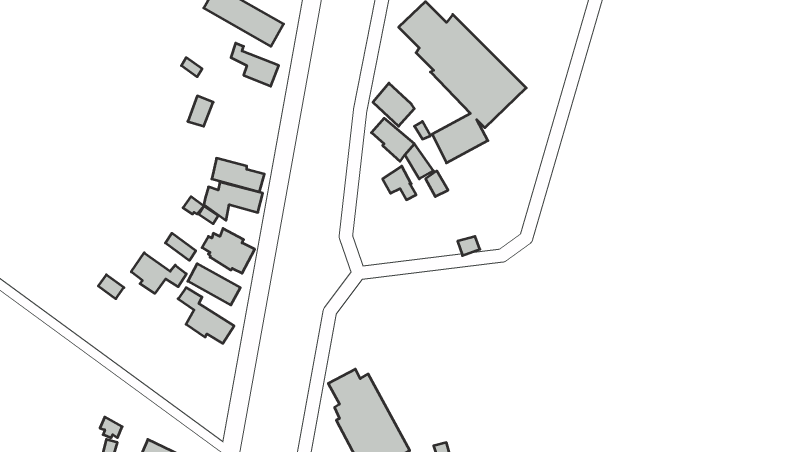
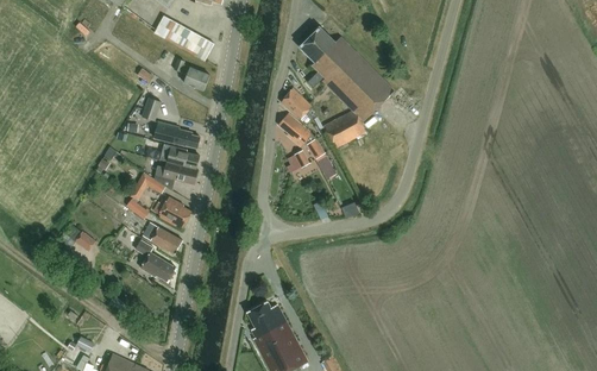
building: none -> [155,121,200,147]
building: [131,253,186,293] -> none

